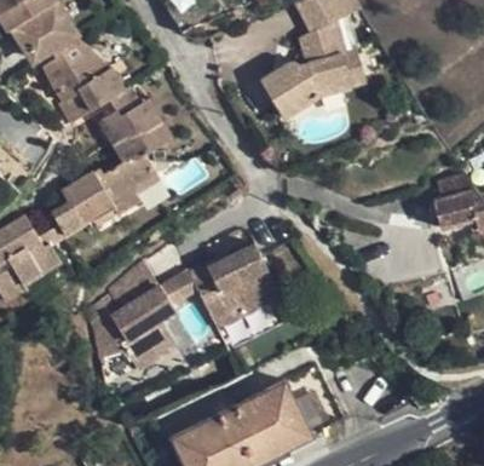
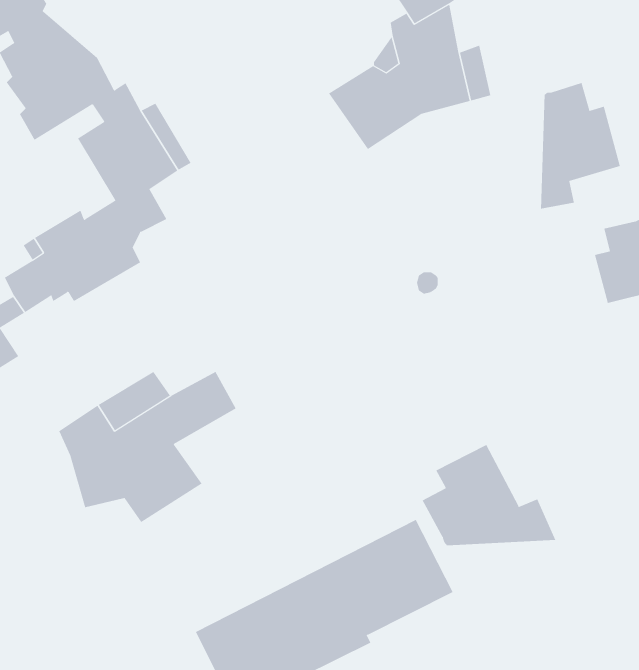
building: none -> [540,82,621,210]
building: [188,244,281,326] -> none
building: none -> [422,444,556,546]

